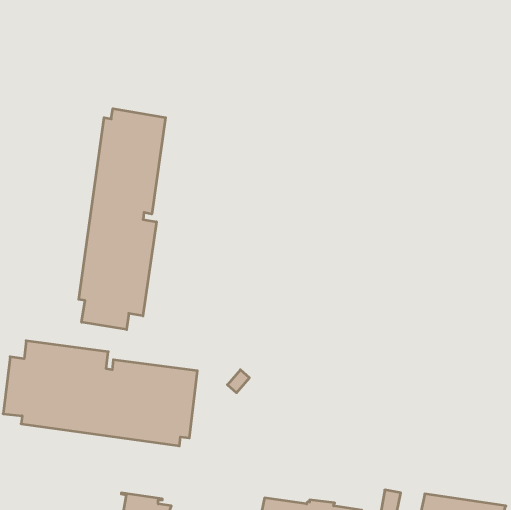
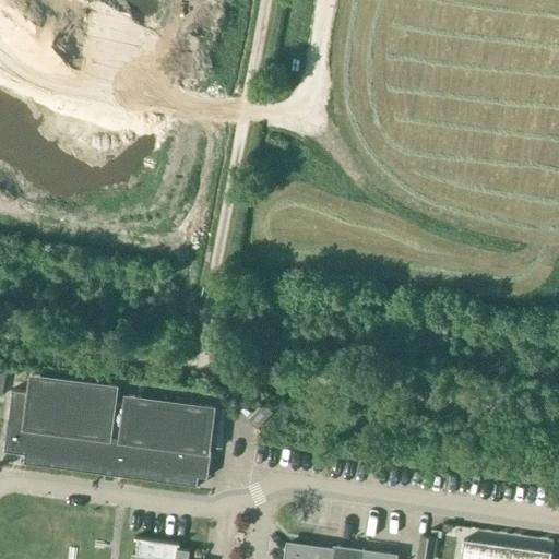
building: [79,109,166,330] -> none

